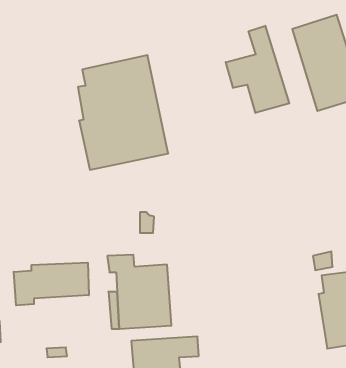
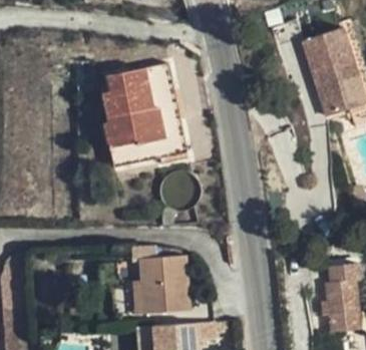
building: [226,26,289,113] -> none
building: [14,263,89,305] -> none

